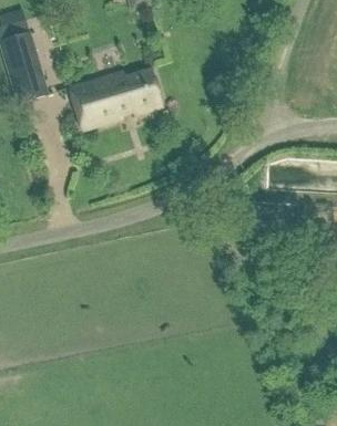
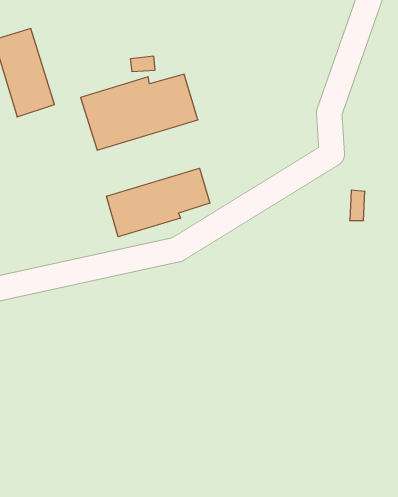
building: none -> [107,168,210,237]

